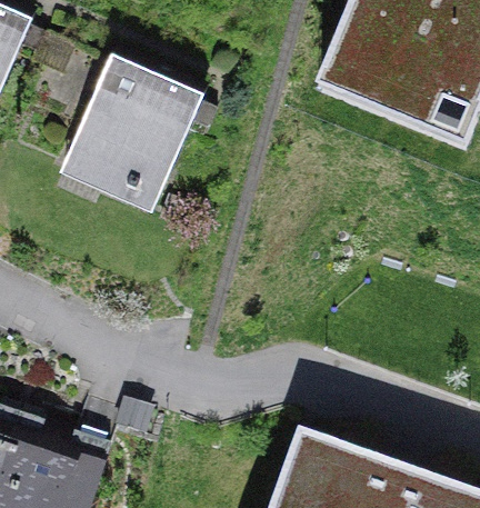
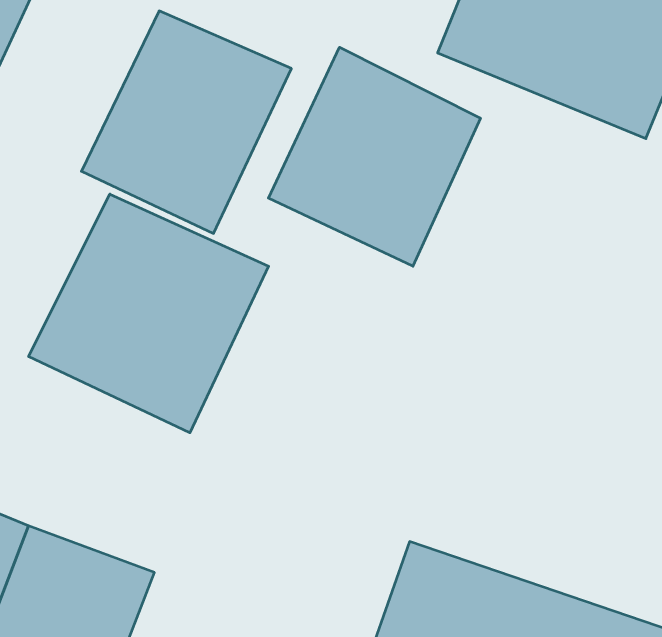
building: none -> [268,47,480,266]
building: none -> [29,194,269,433]

